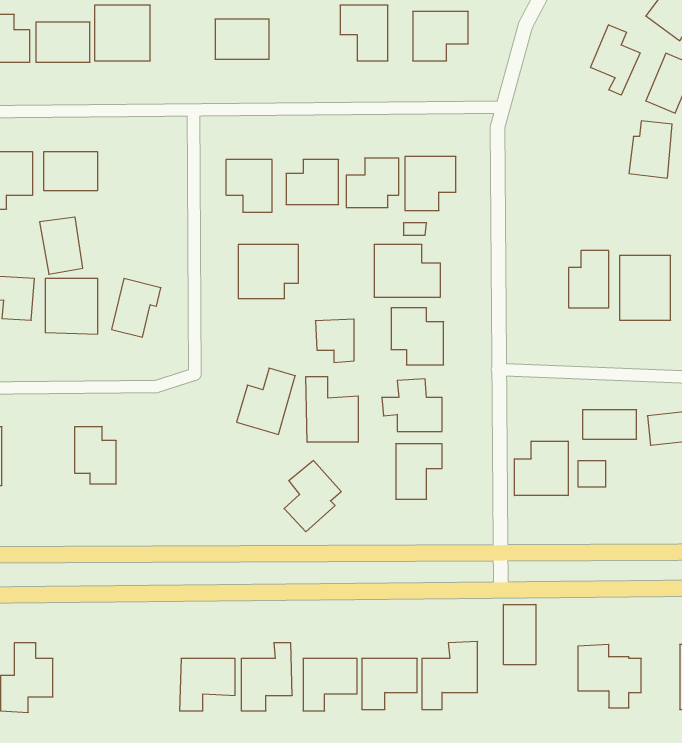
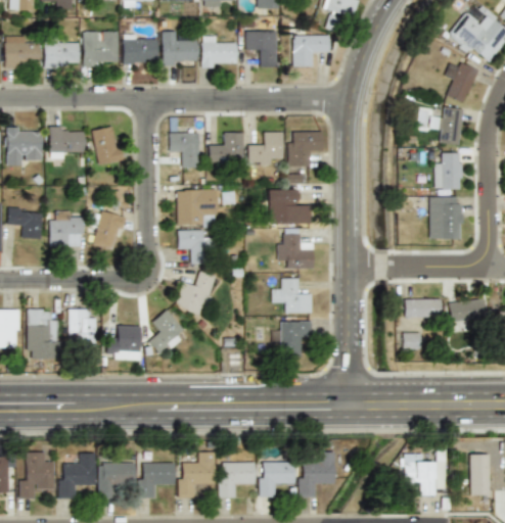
building: none -> [122,36,156,64]
building: none -> [200,39,236,67]
building: [591,25,640,95] -> none
building: [40,217,83,274] -> [91,127,120,164]
building: [569,251,609,308] -> [435,152,462,190]
building: [315,319,354,362] -> [178,230,203,258]
building: [306,377,358,442] -> none
building: none -> [28,308,59,351]
building: [515,441,568,496] -> none
building: none -> [107,326,142,359]
building: [284,461,341,532] -> [148,310,186,356]
building: [504,604,536,665] -> none
building: none -> [58,454,95,498]
building: none -> [99,464,134,496]

